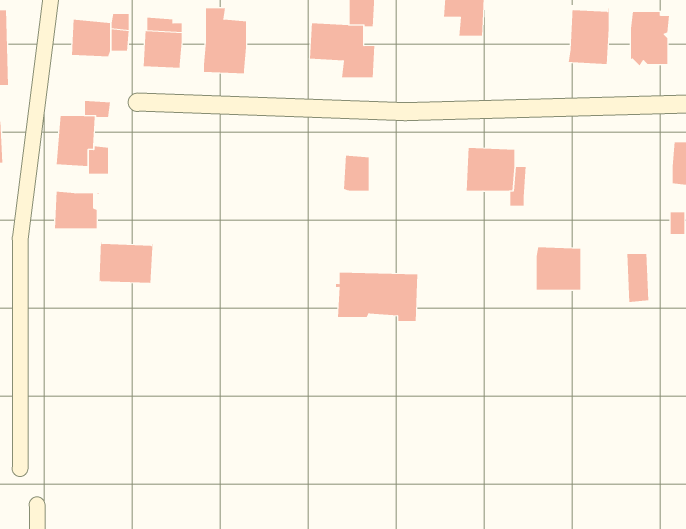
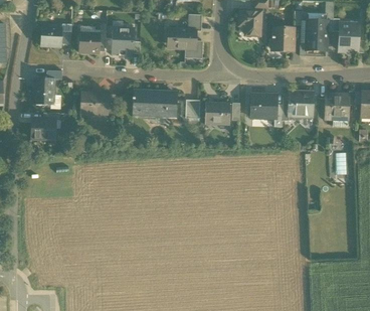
building: none -> [271,27,294,49]
building: none -> [324,94,348,120]
building: none -> [204,102,229,125]
building: [98,242,153,287] -> [79,91,109,115]
building: [536,247,581,290] -> [289,92,313,115]
building: [335,272,418,321] -> [132,91,176,117]

